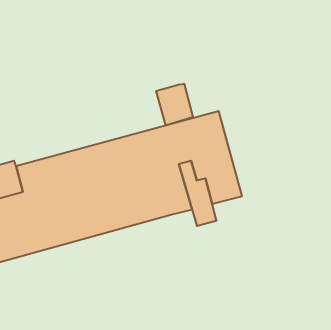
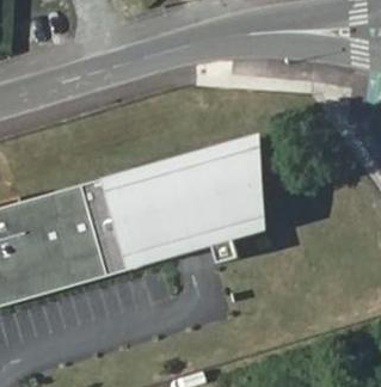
building: [156,84,193,126] -> none

